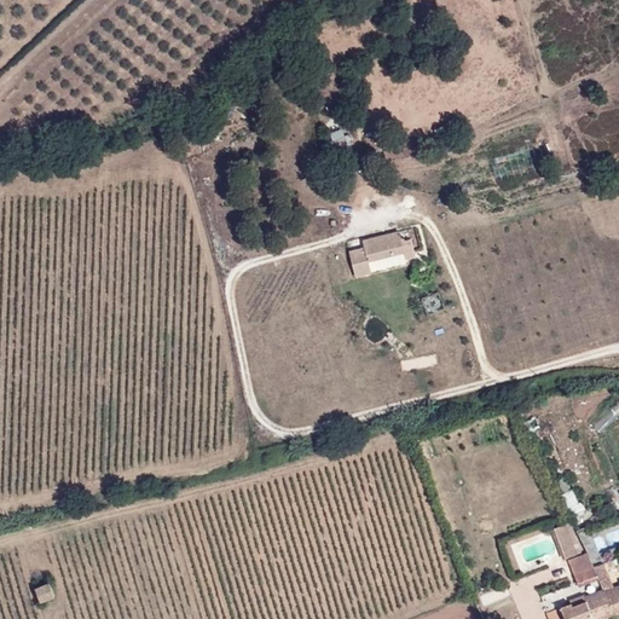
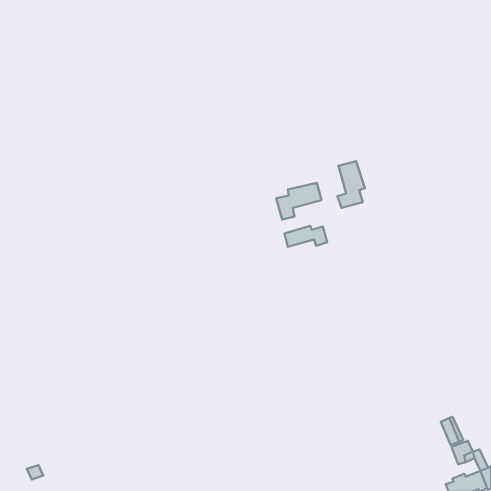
building: none -> [338,161,365,208]
building: none -> [284,226,327,247]

